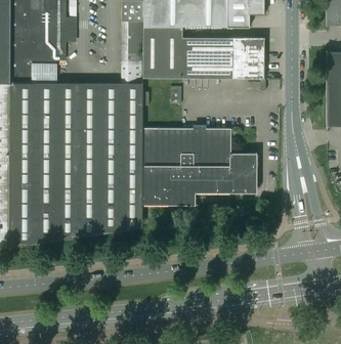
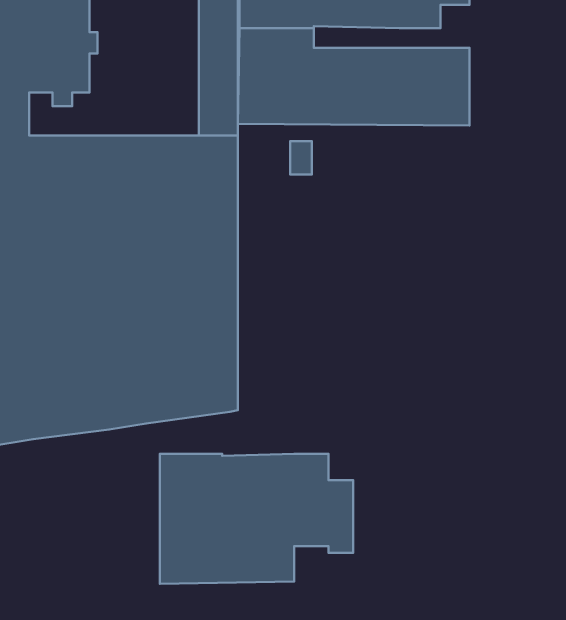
building: [143,128,259,205] -> none
building: none -> [160,454,353,584]

